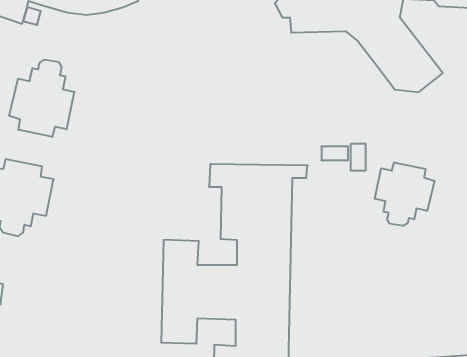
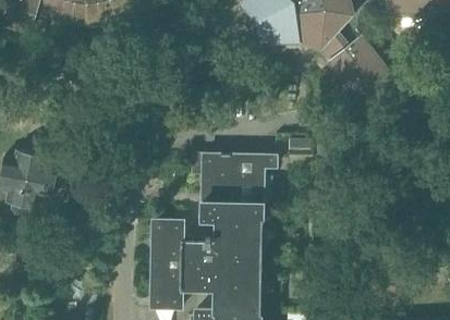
building: [9,60,74,137] -> none
building: [375,162,434,226] -> none

